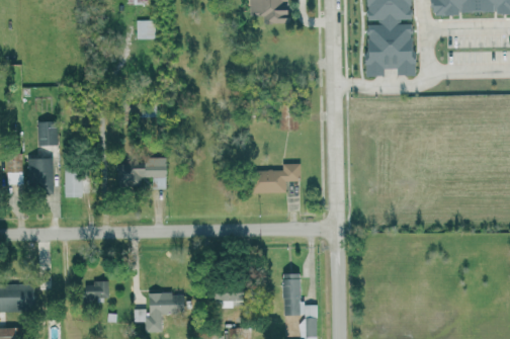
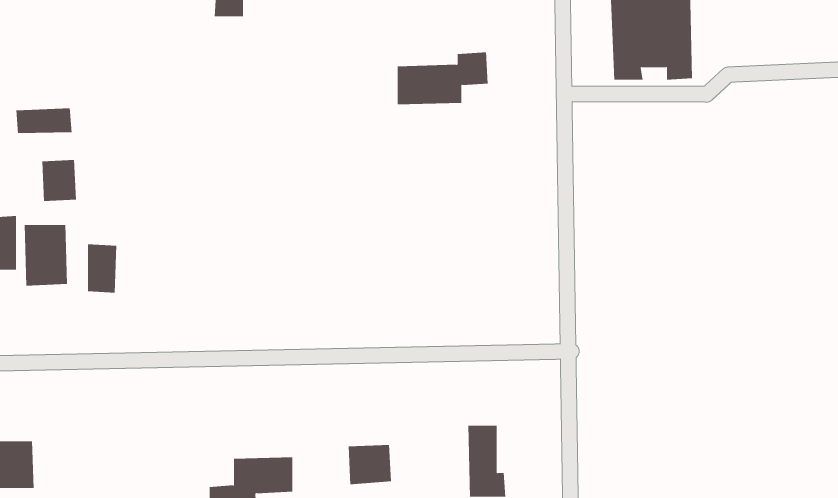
building: none -> [16,108,72,134]
building: [117,159,167,189] -> none
building: [250,163,303,193] -> [397,52,488,105]
building: [85,282,109,299] -> none

